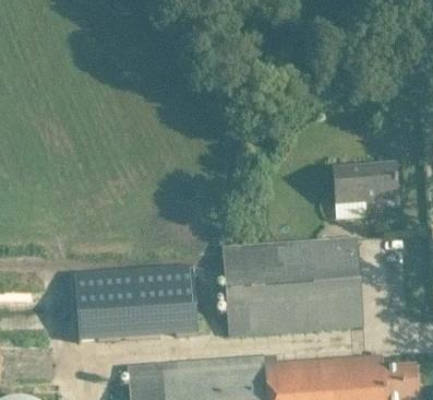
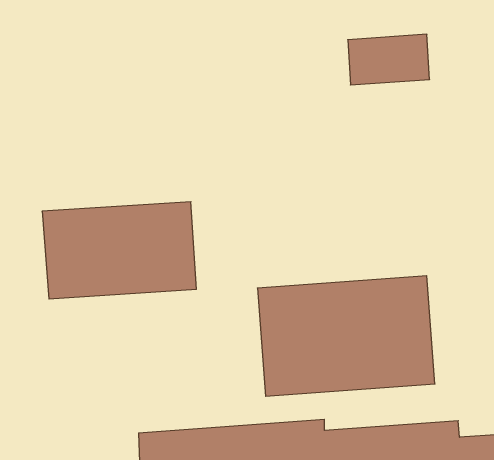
building: [333,165,398,205] -> [348,34,430,85]
building: [74,263,197,341] -> [42,202,196,299]

